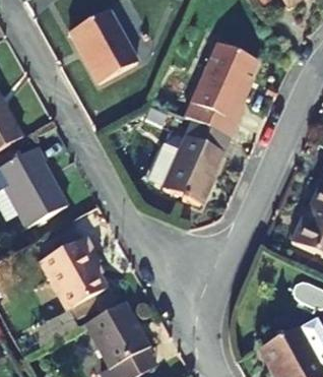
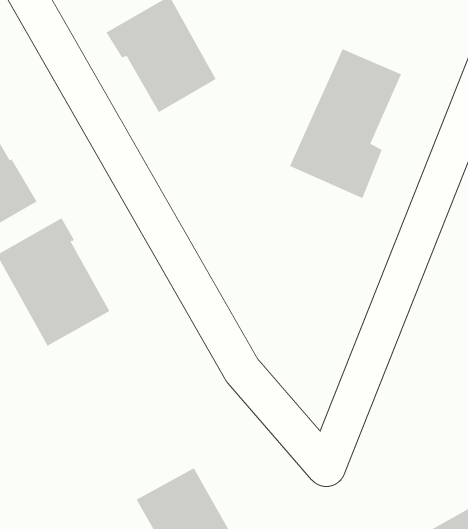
building: [162,119,229,202] -> none
building: [44,238,109,309] -> none

